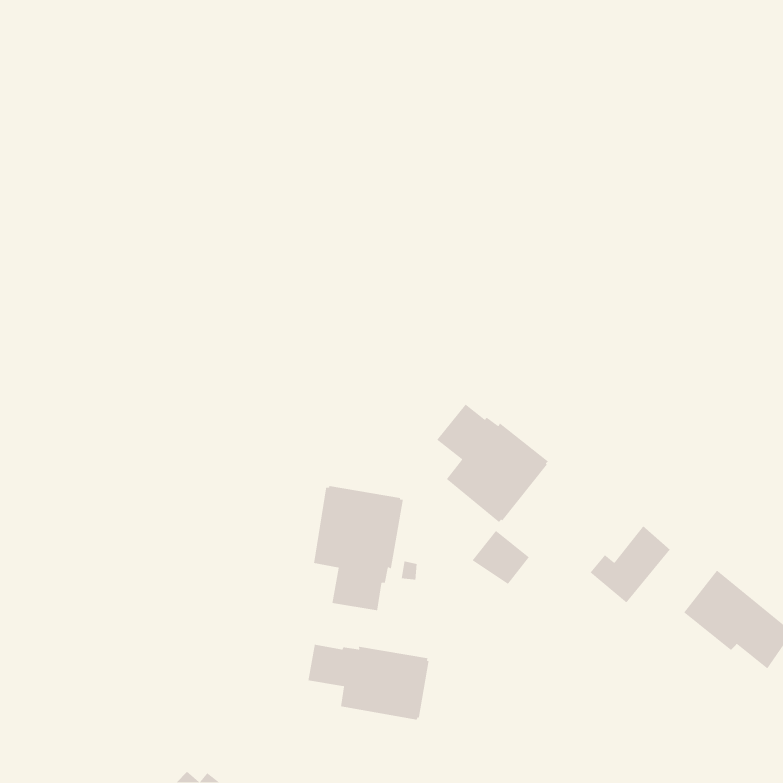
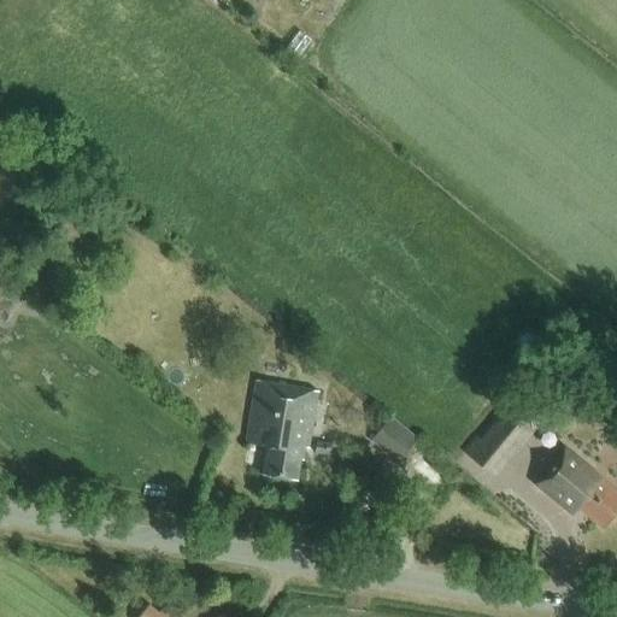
building: [436,403,549,523] -> none
building: [308,644,429,720] -> none

